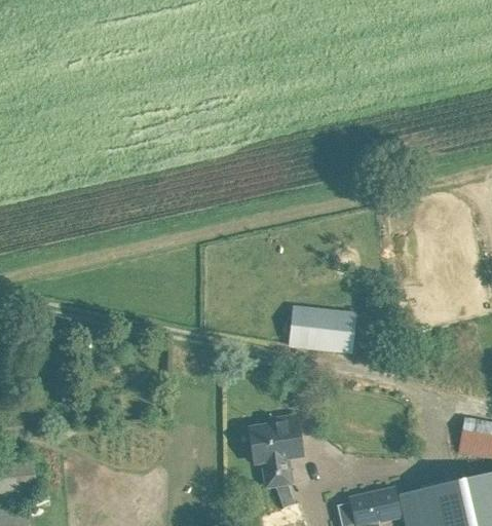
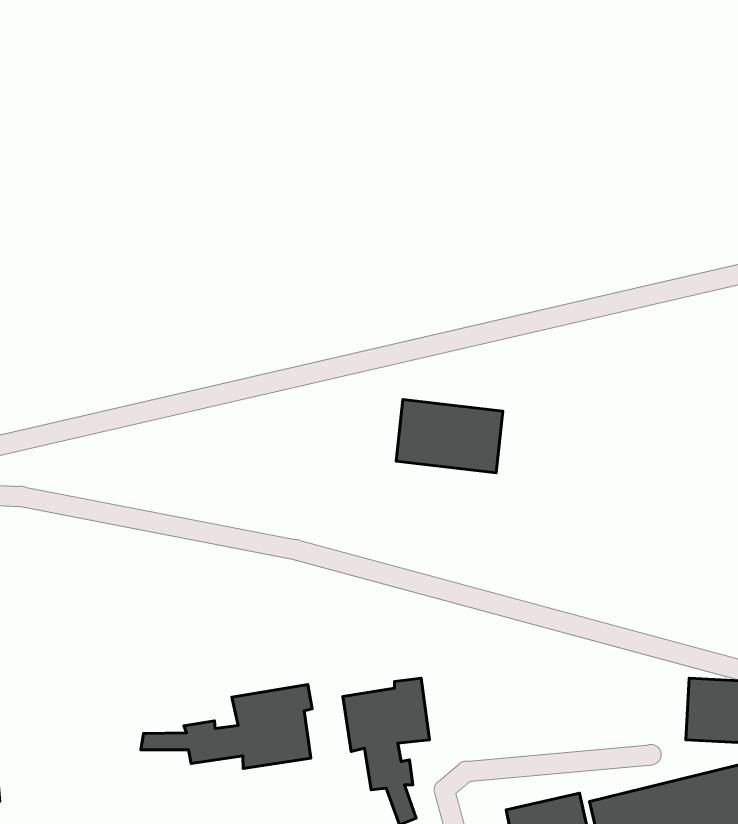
building: [289,307,354,352] -> [396,400,503,473]
building: none -> [141,685,312,768]

